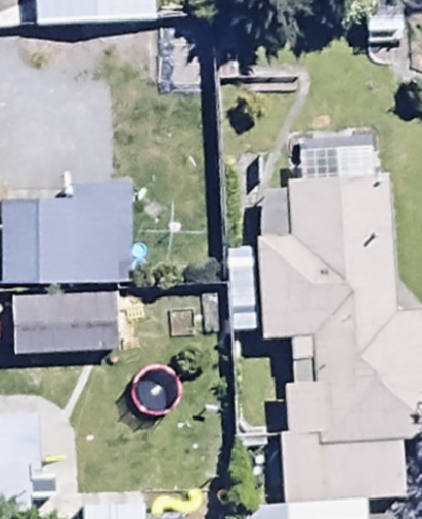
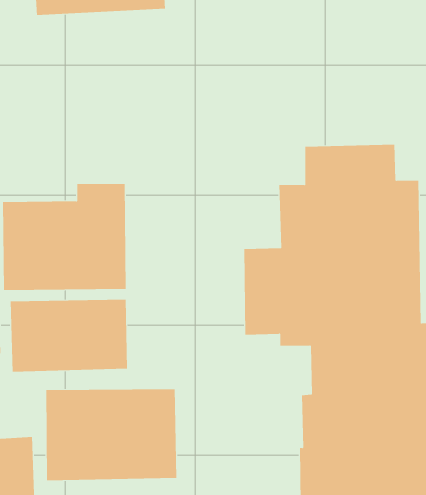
building: none -> [46,388,177,481]

